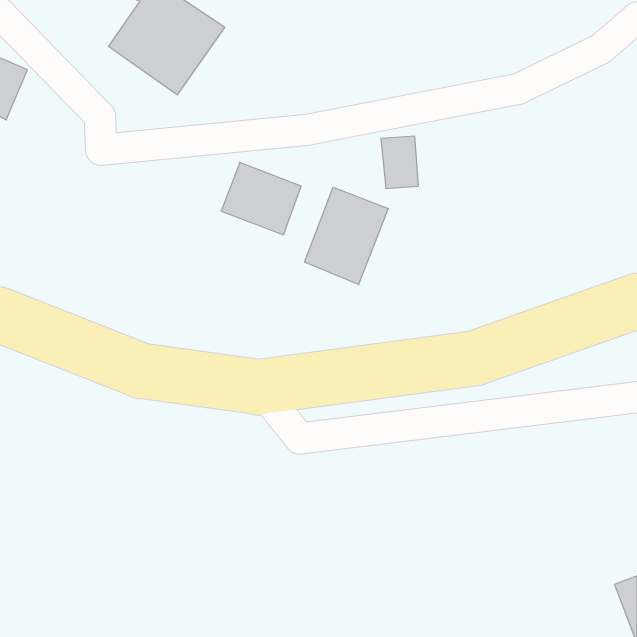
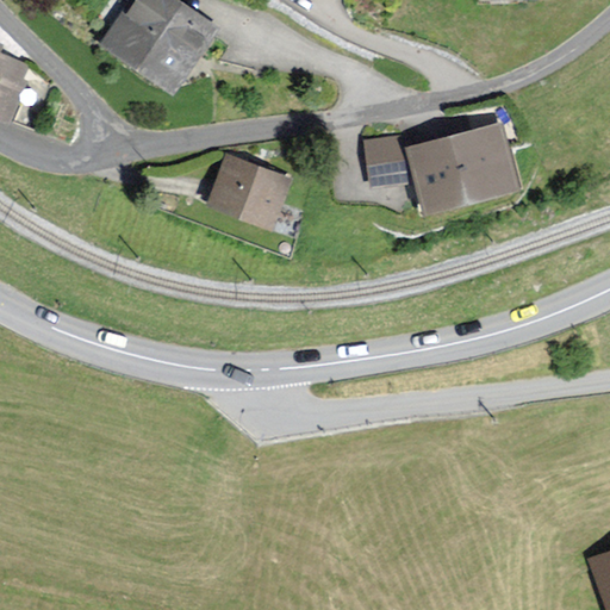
building: none -> [411,125,515,211]
building: [305,187,388,285] -> none

